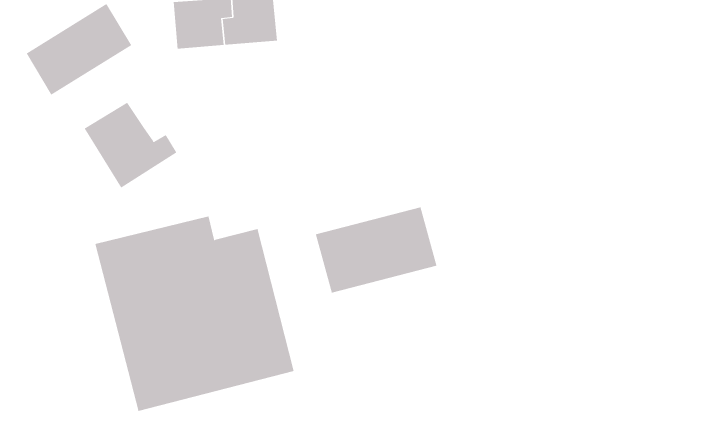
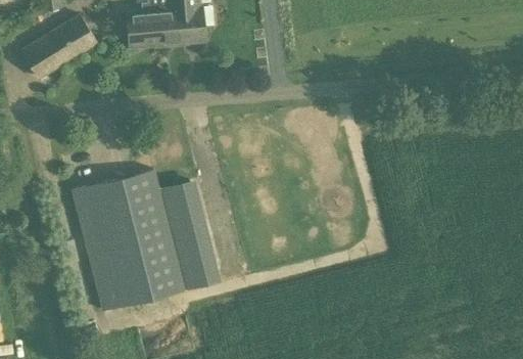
building: [84,102,177,189] -> none
building: [315,206,437,293] -> none

